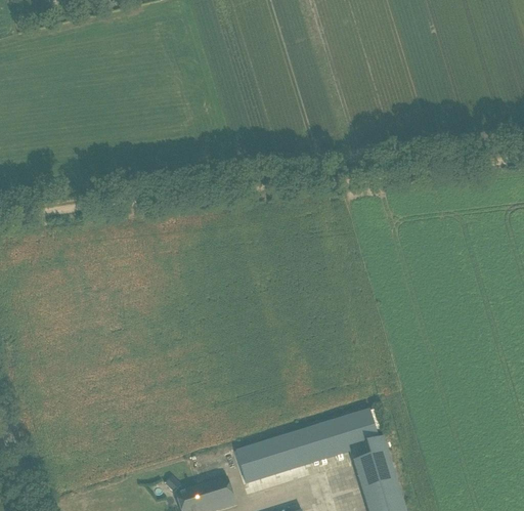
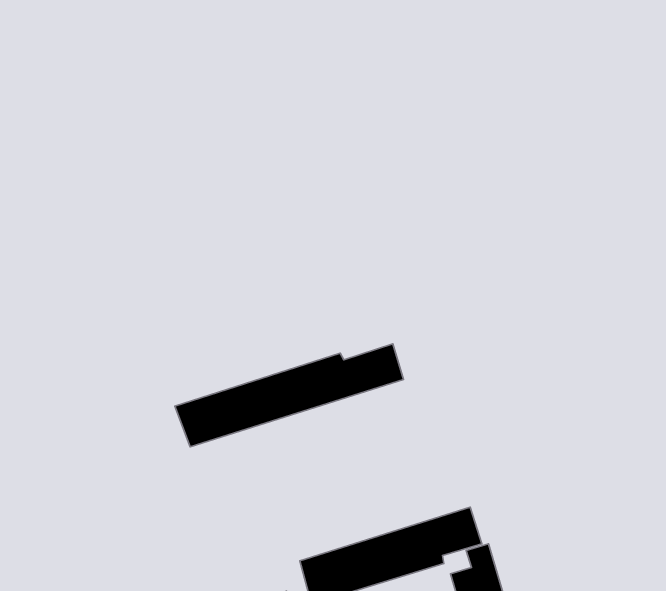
building: none -> [175,344,404,447]

